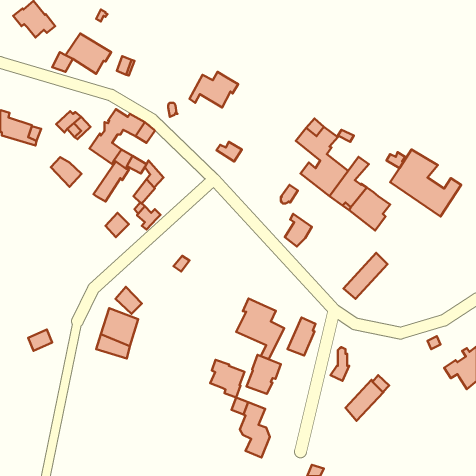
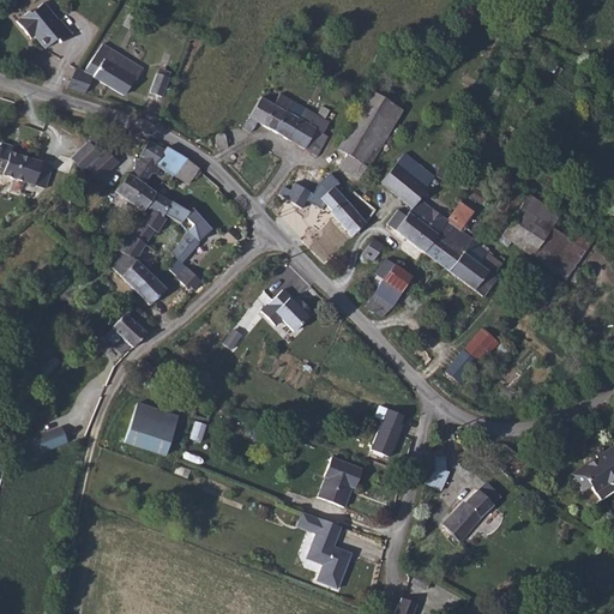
building: none -> [338,91,402,180]
building: none -> [287,106,331,156]
building: none -> [321,186,367,236]
building: [51,157,82,187] -> [113,252,152,290]
building: none -> [375,258,409,291]
building: none -> [261,289,313,331]
building: [116,287,142,314] -> [114,313,148,348]
building: [236,299,284,359] -> none
building: [210,360,245,398] -> none

